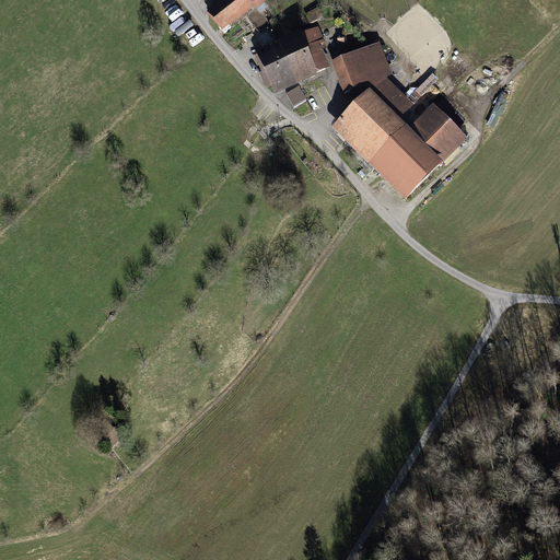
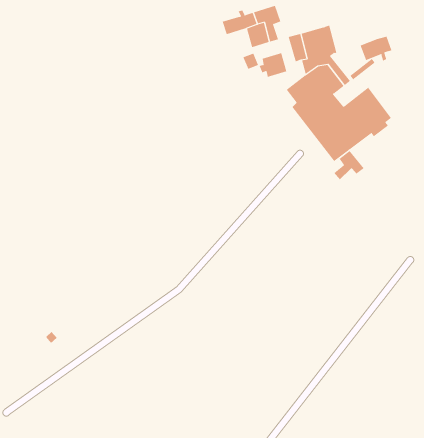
building: none -> [360,36,392,61]
building: [261,58,294,89] -> [259,52,287,78]
building: none -> [334,150,364,180]

